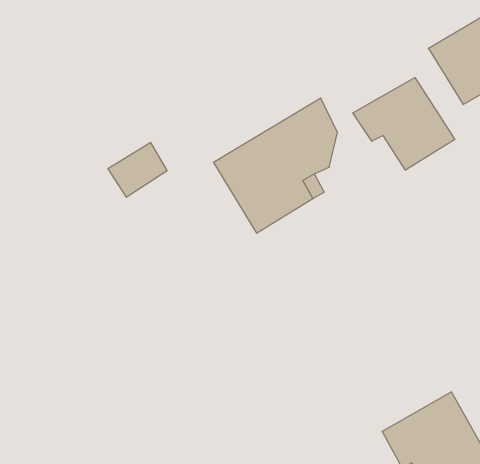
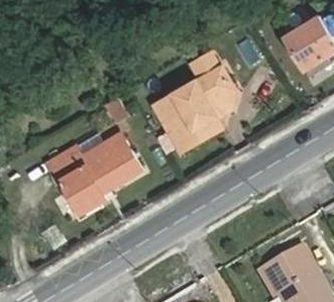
building: [353,78,455,170] -> none
building: none -> [45,132,143,220]

